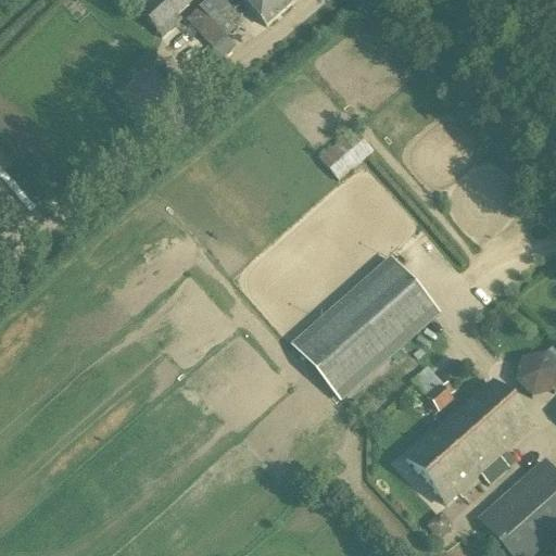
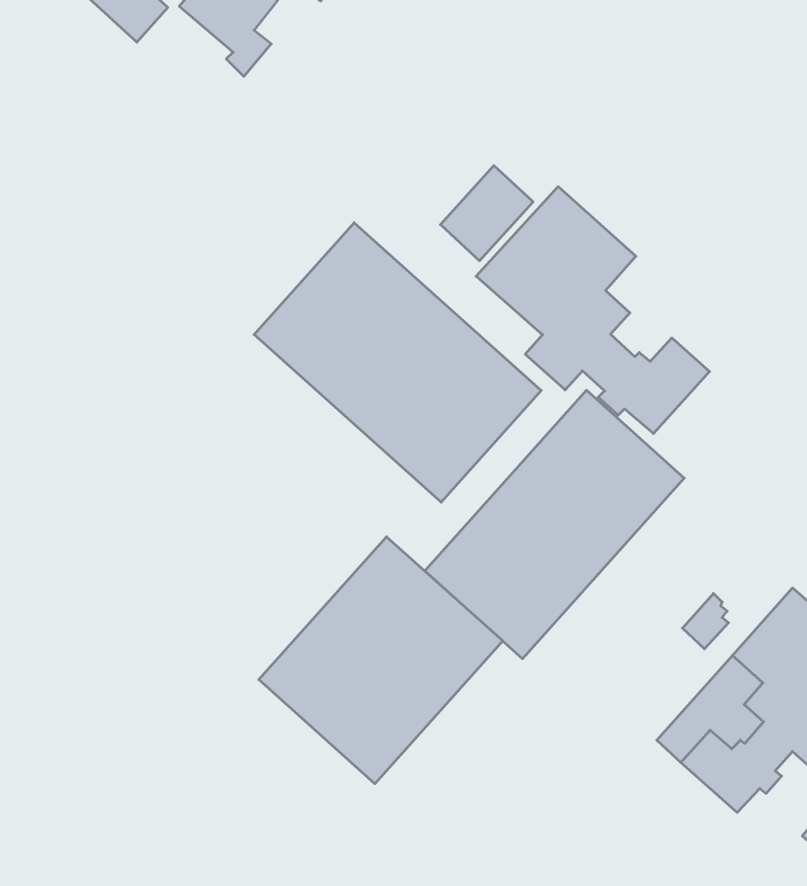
building: none -> [476,187,710,434]
building: none -> [254,223,541,502]
building: none -> [259,537,503,784]

